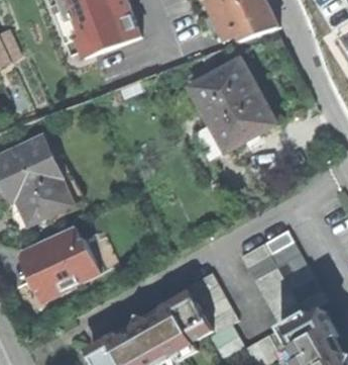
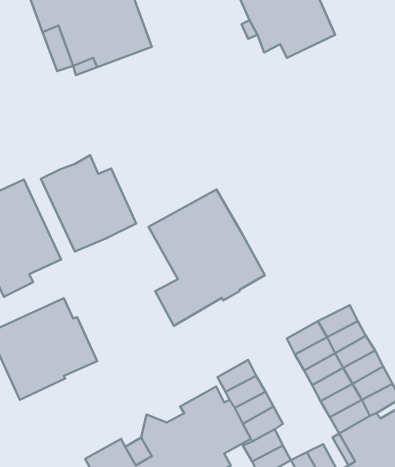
building: [190,59,277,162] -> [148,190,265,326]
building: none -> [41,155,136,251]

